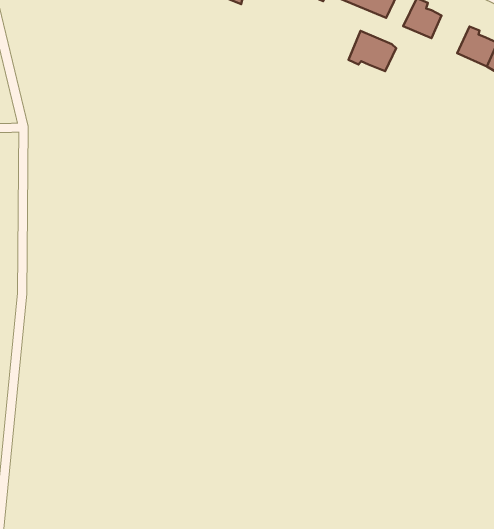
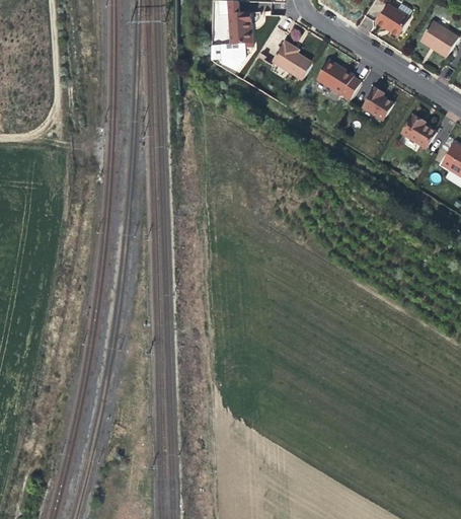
building: [348,31,396,71] -> none

